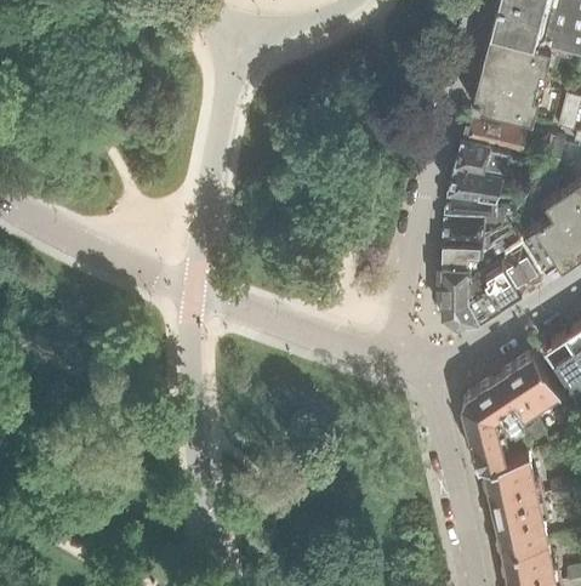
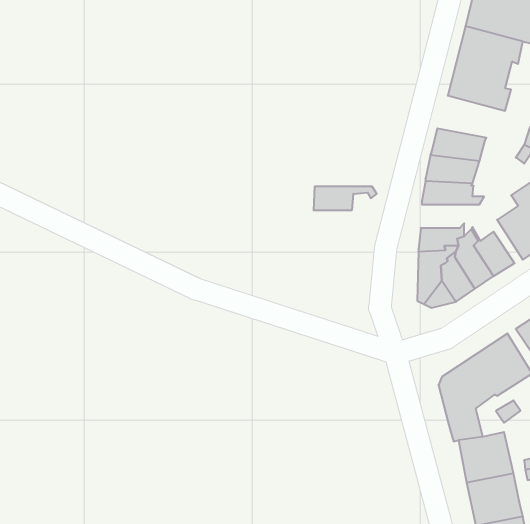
building: [461,116,528,154] -> none
building: [444,220,509,244] -> [313,187,377,210]

